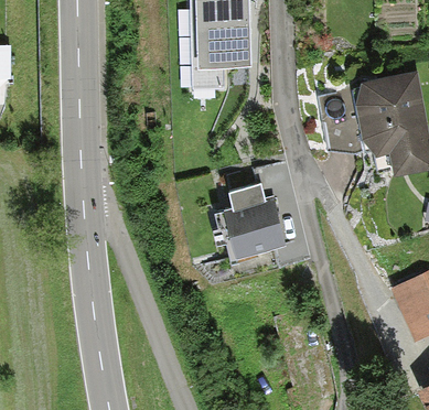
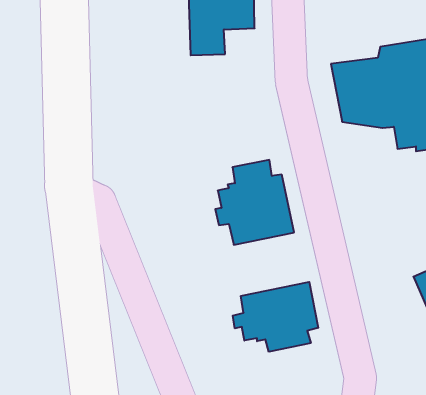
building: none -> [233,282,318,352]

